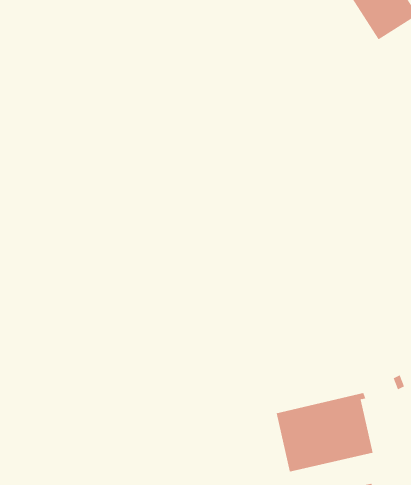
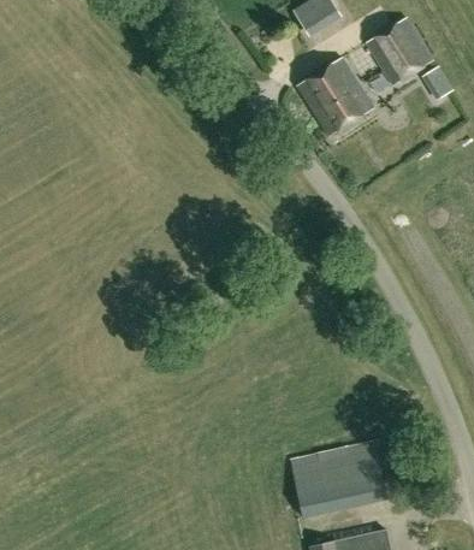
building: none -> [298,60,373,136]

